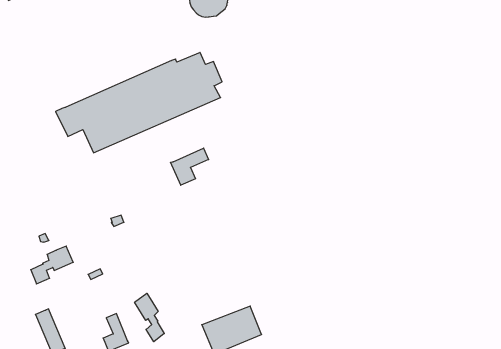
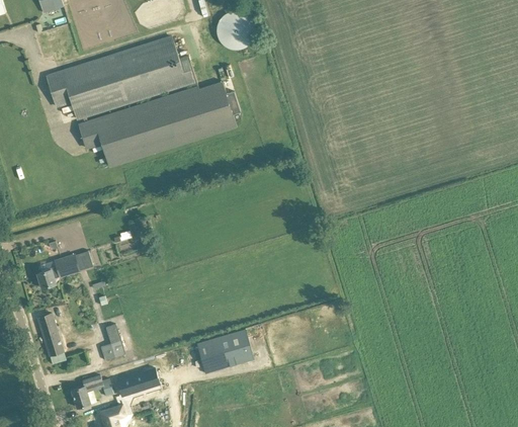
building: none -> [47,34,197,121]
building: [171,148,209,185] -> none
building: [135,293,164,342] -> none

